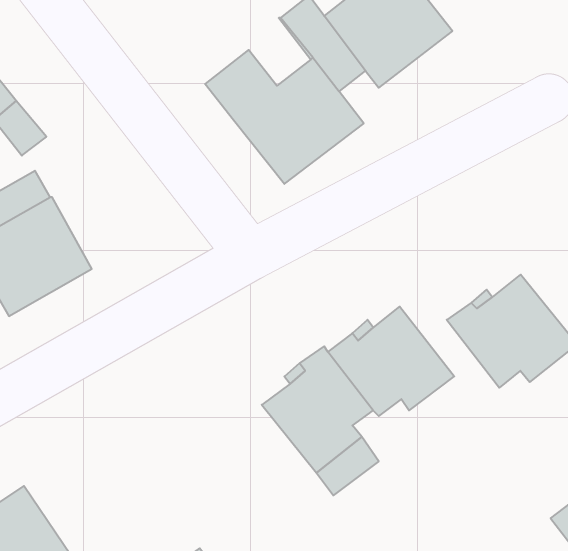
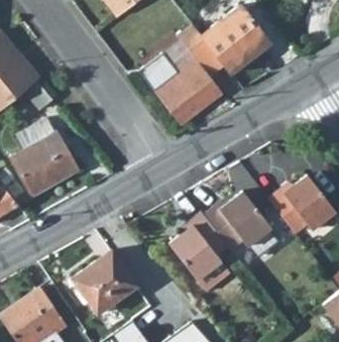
building: none -> [71,250,136,315]

